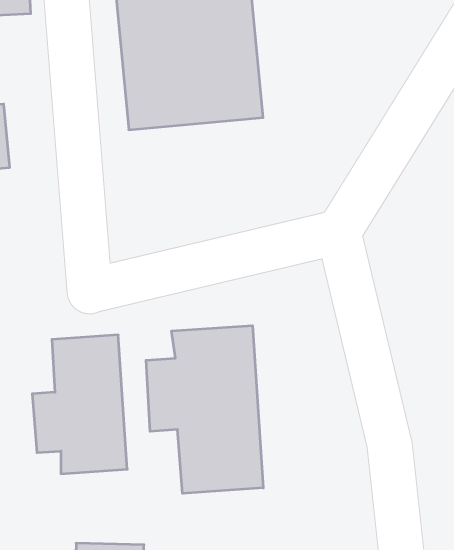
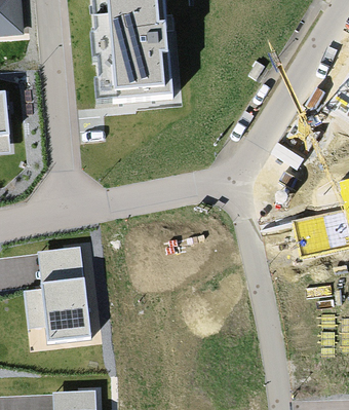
building: [146,326,263,493] -> none

